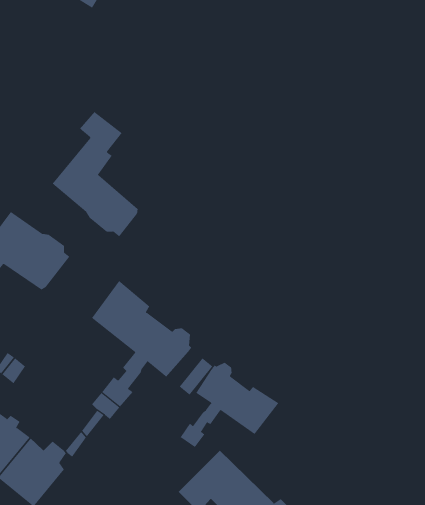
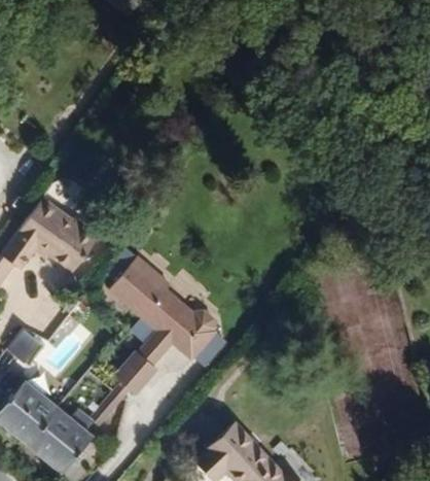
building: [52,111,138,237] -> none
building: [180,362,279,448] -> none

